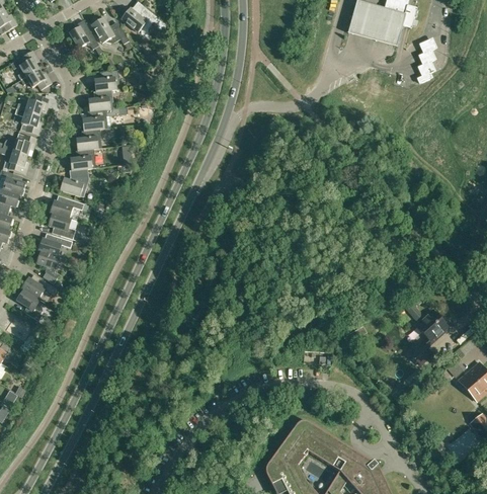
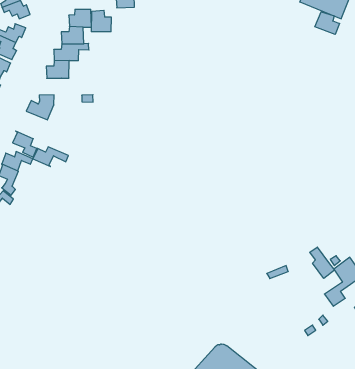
building: none -> [315,12,340,34]
building: none -> [91,10,111,32]
building: [69,150,95,171] -> none
building: [50,198,88,220] -> [33,147,68,167]
building: none -> [310,247,334,278]

